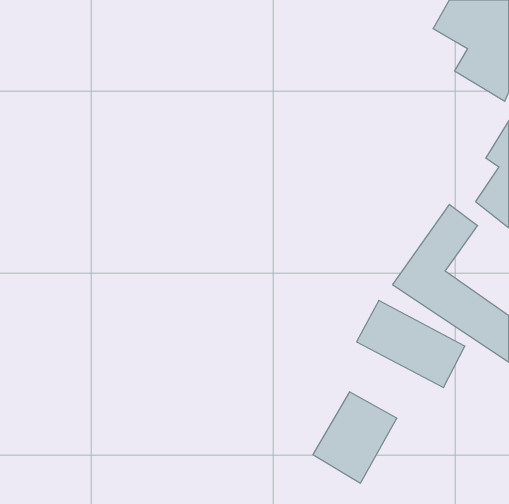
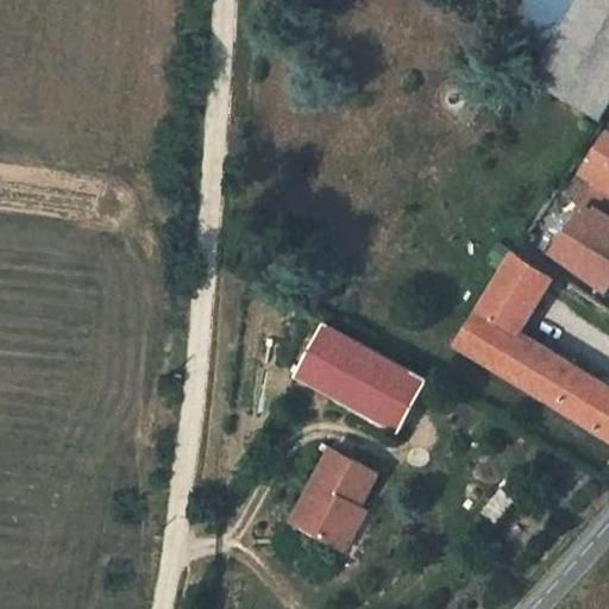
building: [357,300,465,388] -> [300,327,427,429]
building: [313,392,397,483] -> [277,435,376,542]

